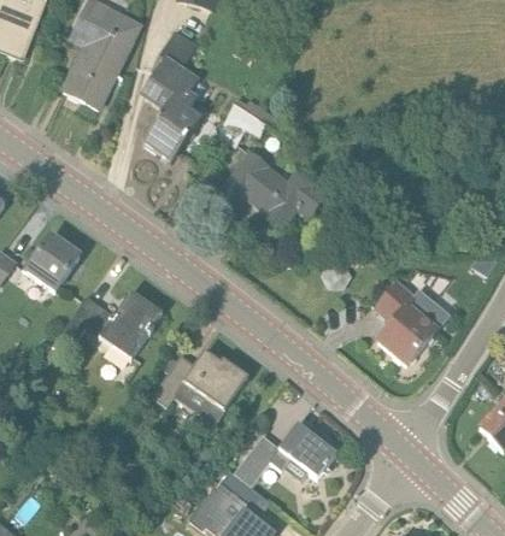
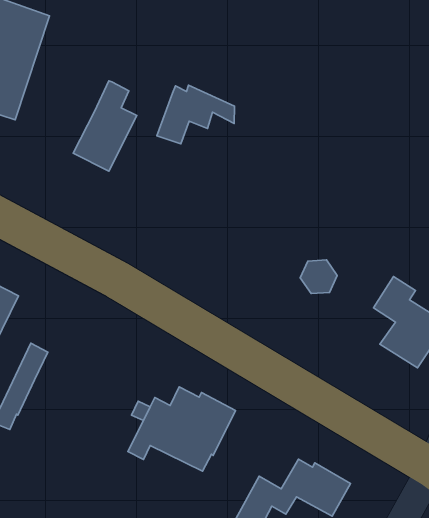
building: [147,28,199,108] -> none
building: [218,151,328,225] -> none
building: [99,289,164,359] -> none

